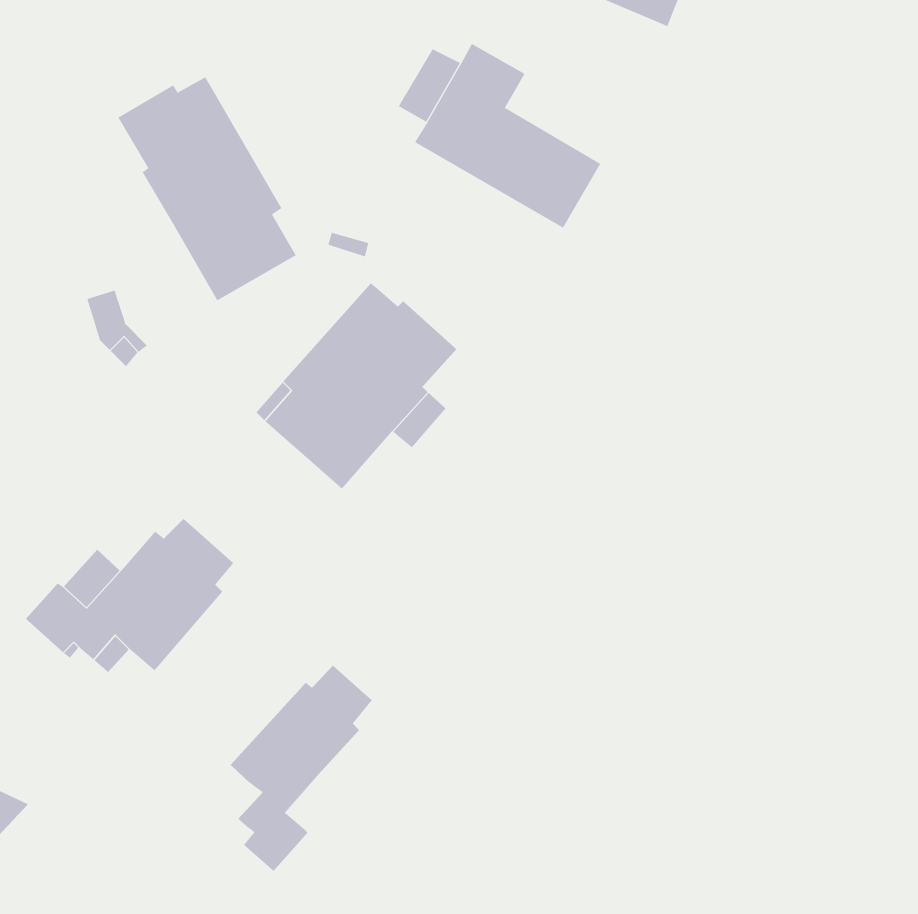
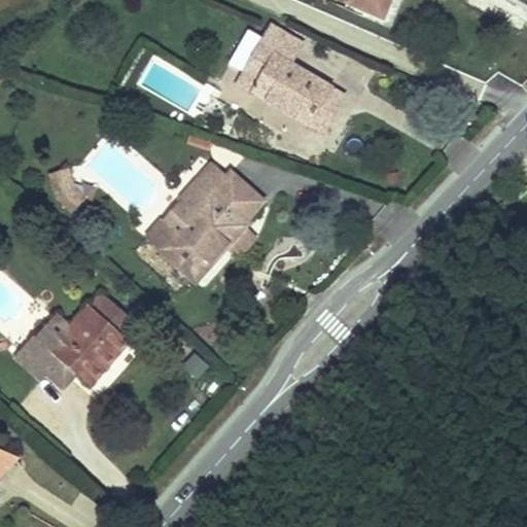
building: [118,76,296,301] -> none
building: [230,665,373,872] -> none

